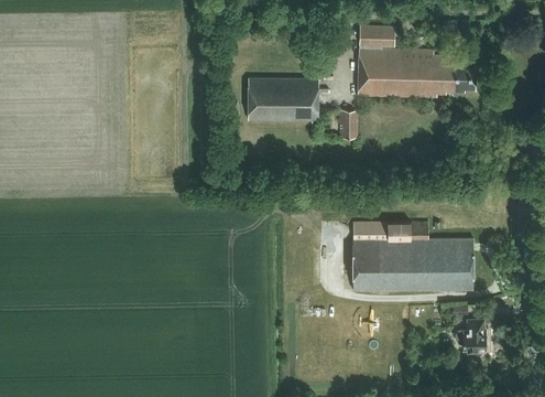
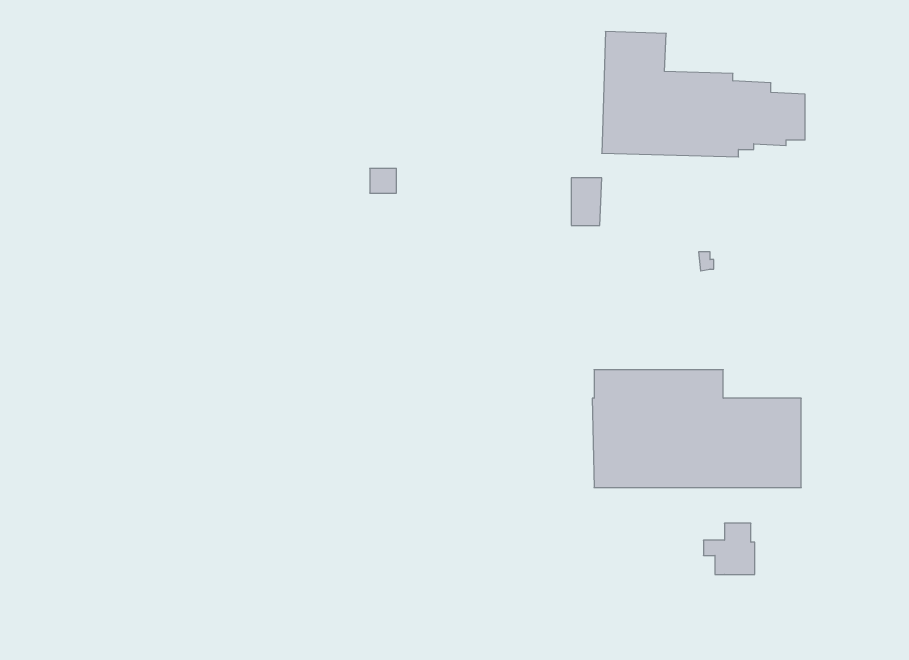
building: [248,78,319,120] -> none
building: [456,320,486,350] -> [703,523,755,574]

